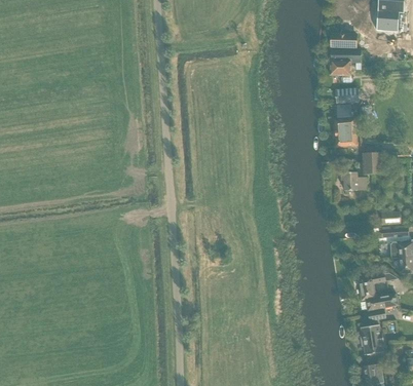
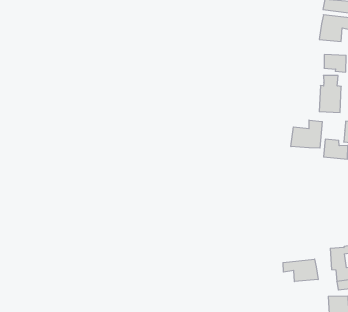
building: none -> [291,120,322,148]
building: none -> [283,259,318,282]

